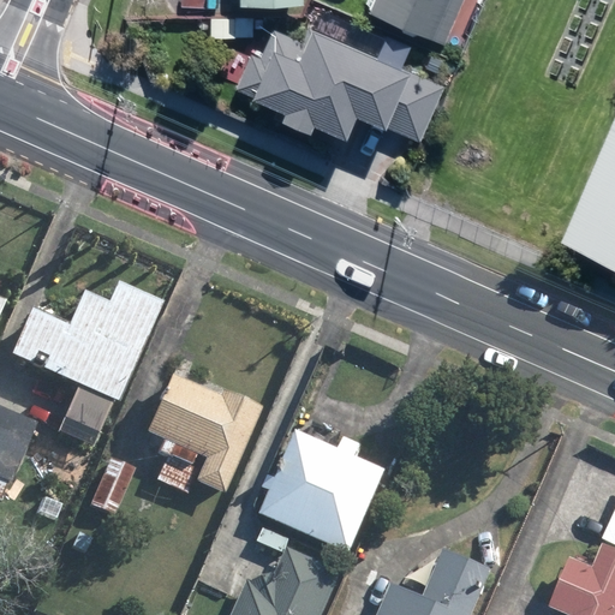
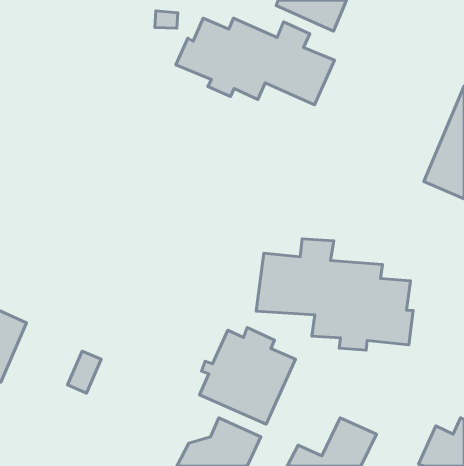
building: [11,288,160,438] -> none
building: none -> [256,239,413,350]
building: [143,381,261,496] -> none

